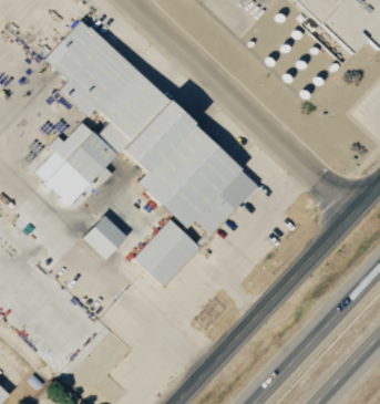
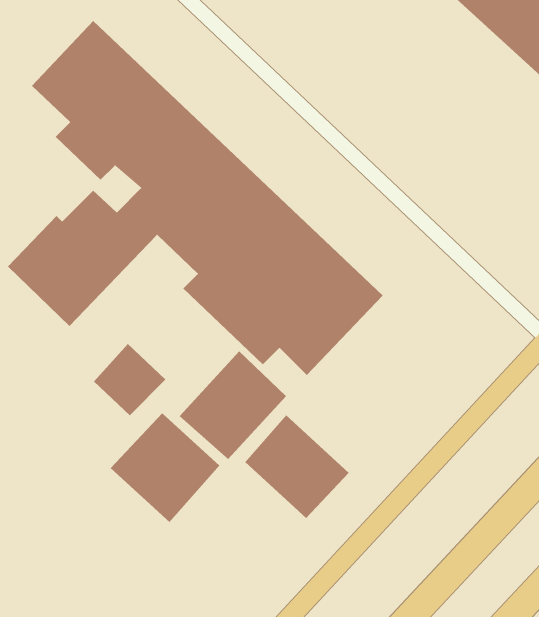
building: none -> [110,412,220,523]
building: none -> [245,415,350,519]

